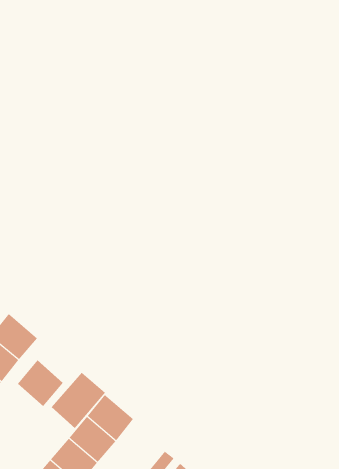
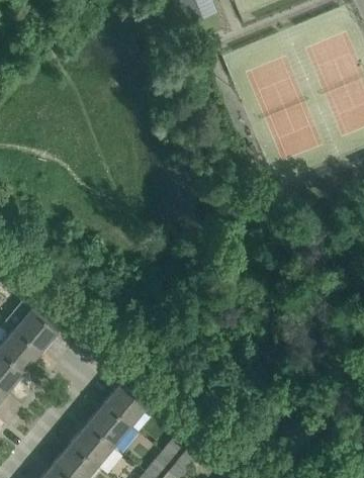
building: [17,360,64,407] -> none
building: [51,372,106,429] -> none

